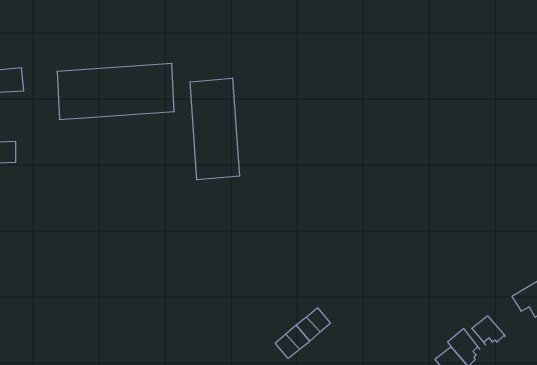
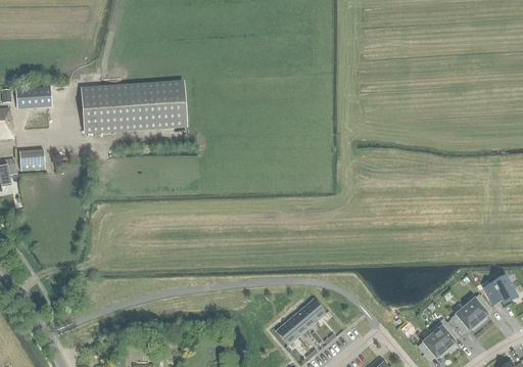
building: [190,78,240,180] -> none
building: none -> [464,293,490,323]

